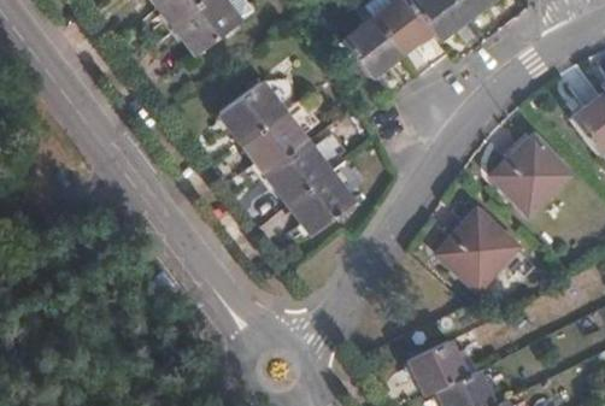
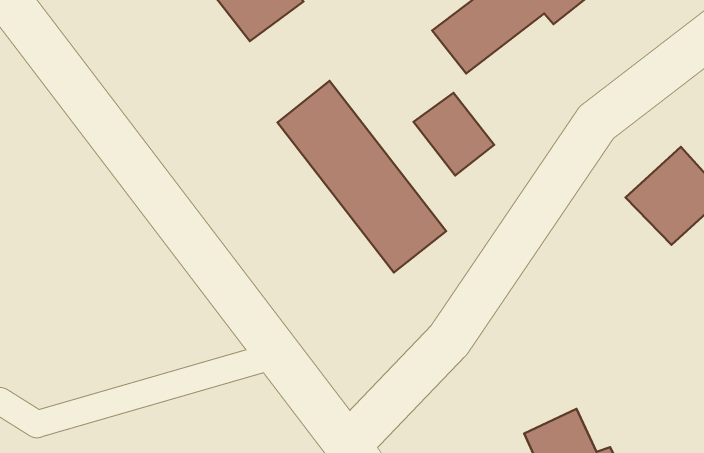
building: none -> [413,93,494,176]
building: [441,211,519,288] -> none

